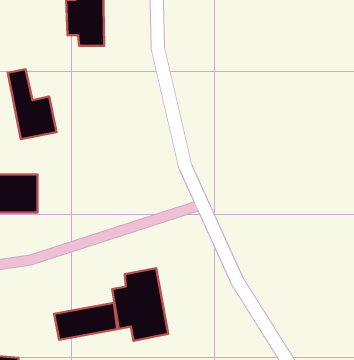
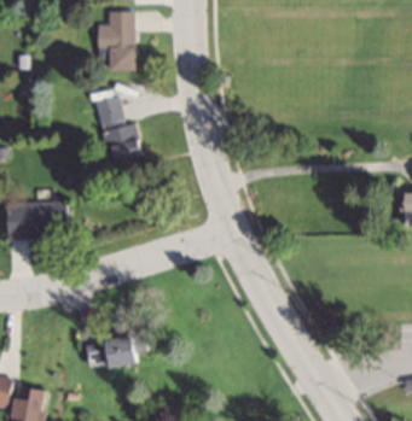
building: [8,69,56,139] -> [97,95,146,166]
building: [112,268,168,341] -> none

